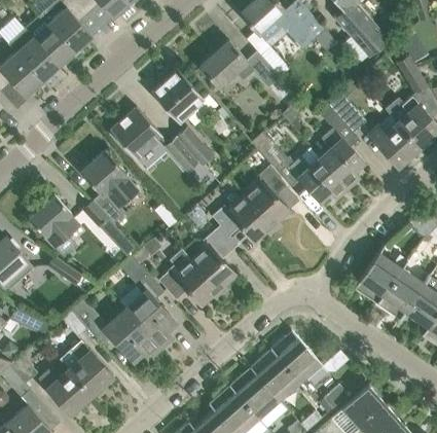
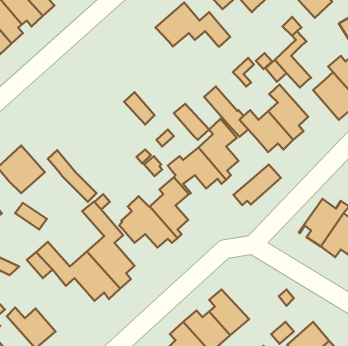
building: [151,70,203,124] -> none
building: [109,108,161,159] -> none
building: [176,128,214,167] -> [174,104,209,140]
building: [80,150,139,224] -> none
building: none -> [233,165,281,205]
building: [269,331,322,383] -> none
building: [60,341,112,396] -> none

